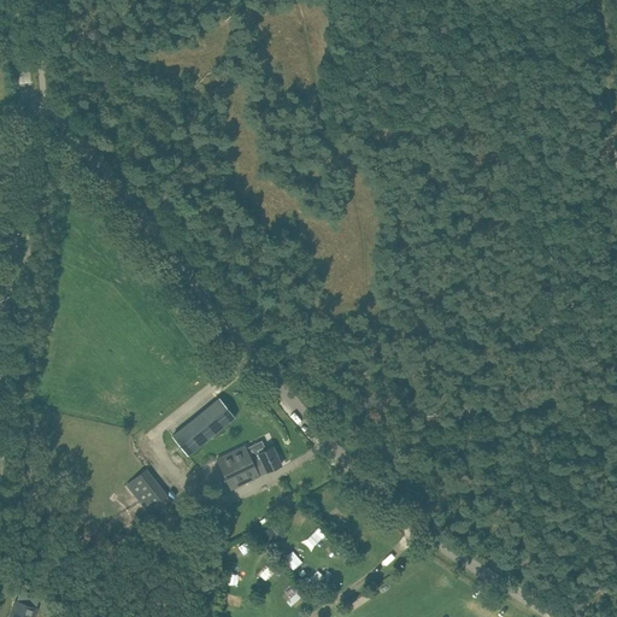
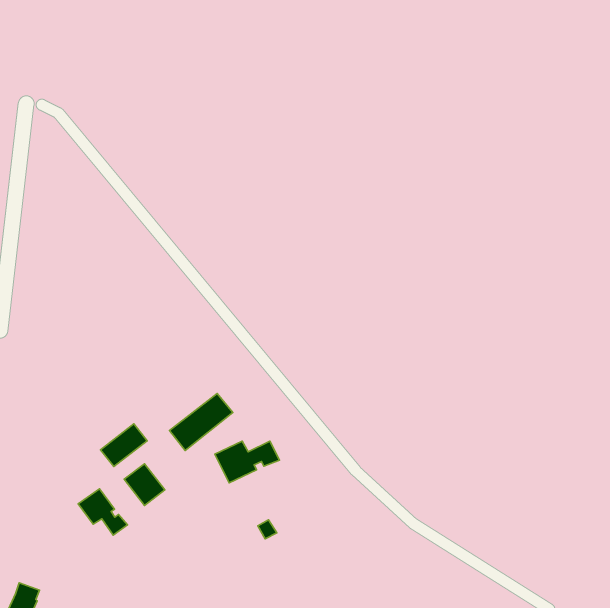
building: none -> [100,424,147,467]
building: none -> [78,489,127,535]

